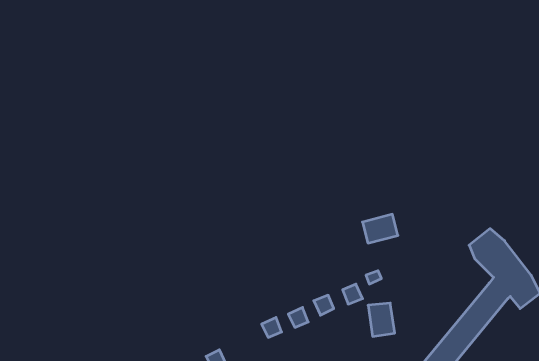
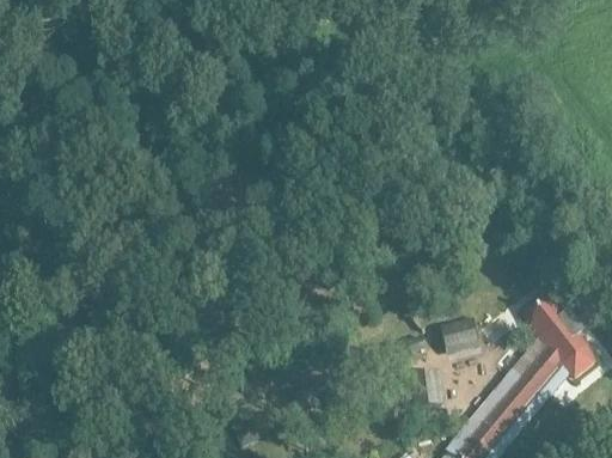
building: [362,214,398,243] -> [439,316,477,347]

